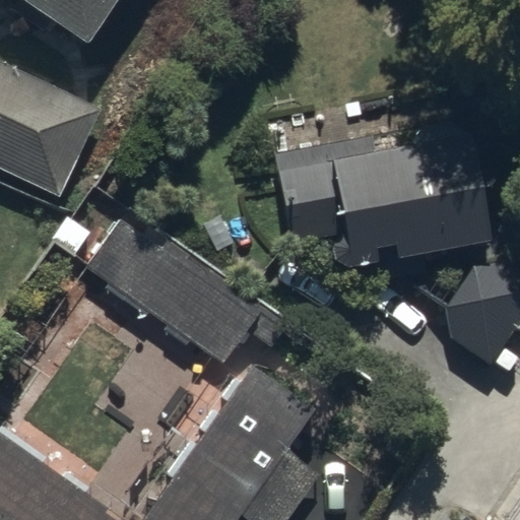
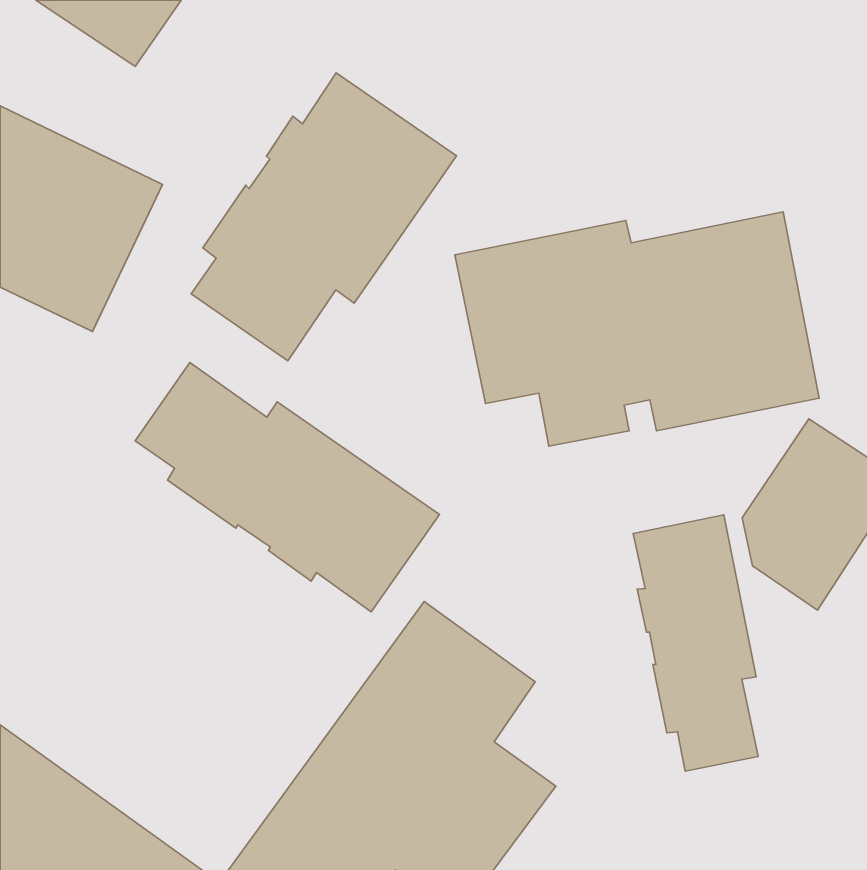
building: none -> [191,73,457,361]
building: none -> [633,515,758,771]

